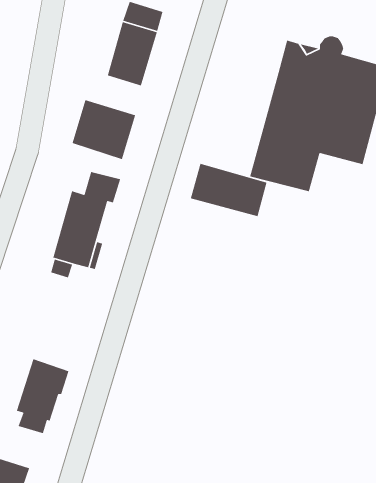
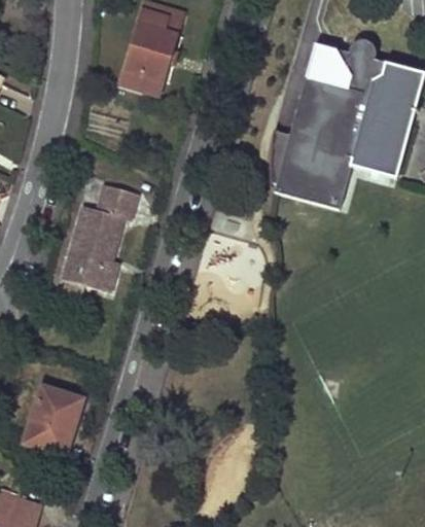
building: [72,99,136,160] -> none
building: [190,163,267,217] -> none

